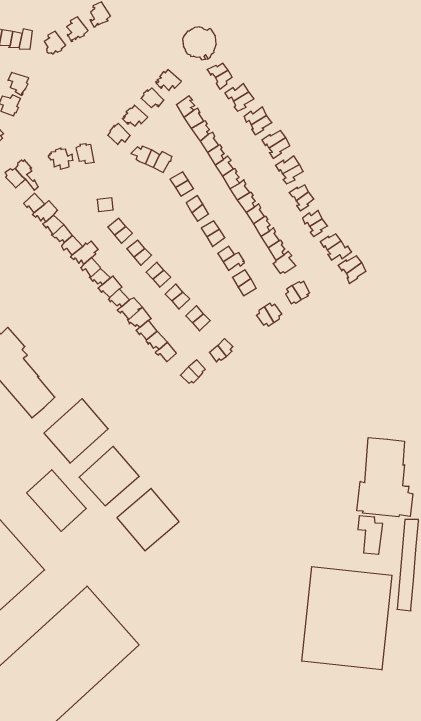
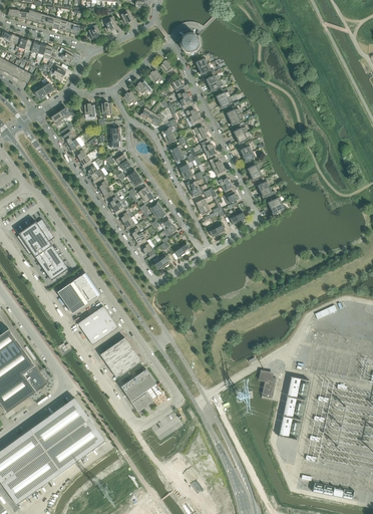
building: [357,438,413,517] -> none
building: [27,470,86,531] -> none
building: none -> [120,369,161,411]
building: [302,567,392,670] -> none

